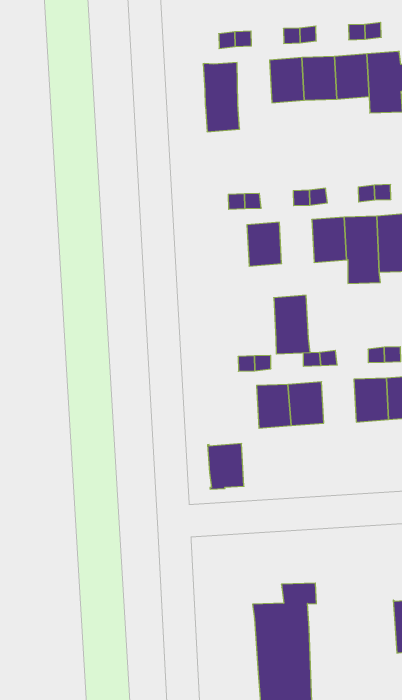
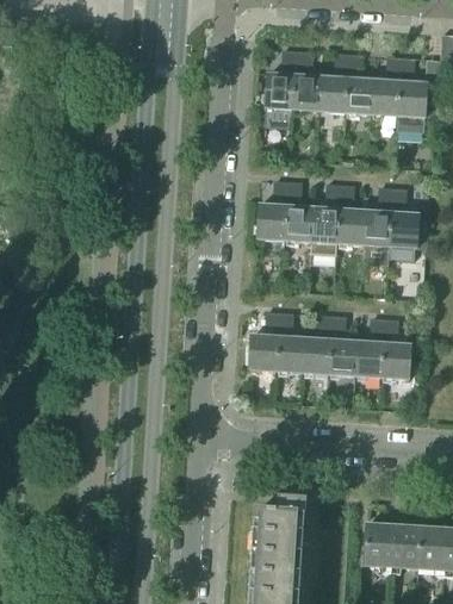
building: none -> [292,74,322,110]
building: none -> [257,201,287,238]
building: [274,295,310,354] -> [310,206,340,254]
building: none -> [329,338,358,374]
building: [208,444,244,489] -> [249,332,279,369]

